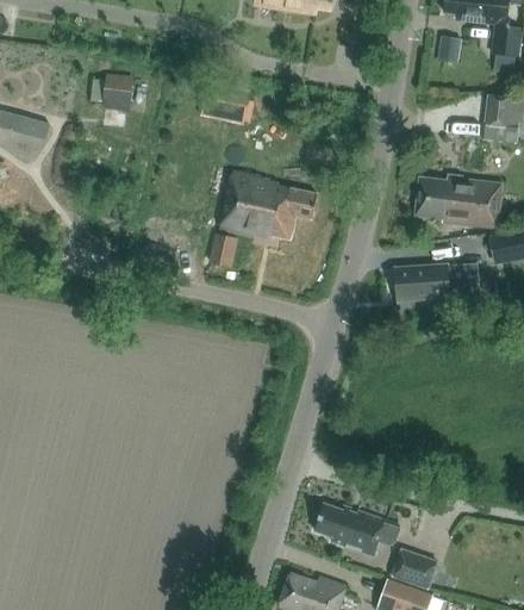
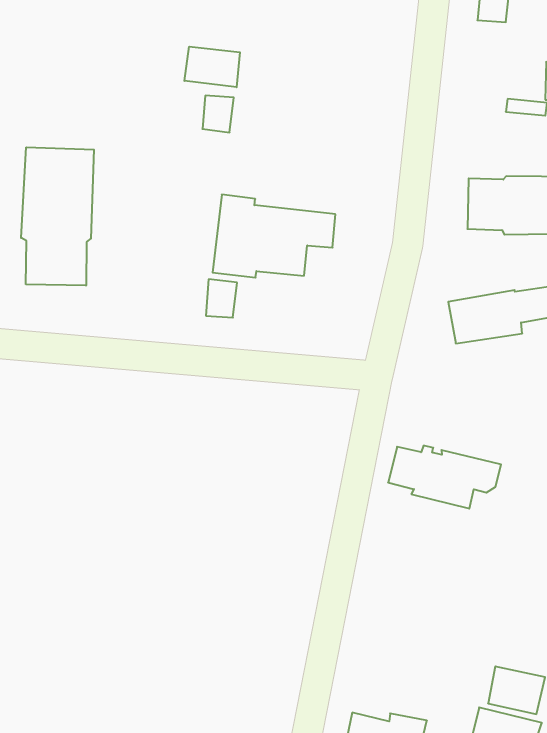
building: none -> [184,47,240,87]
building: [100,75,132,113] -> none
building: none -> [21,147,94,286]
building: [314,505,401,558] -> [388,446,501,509]

